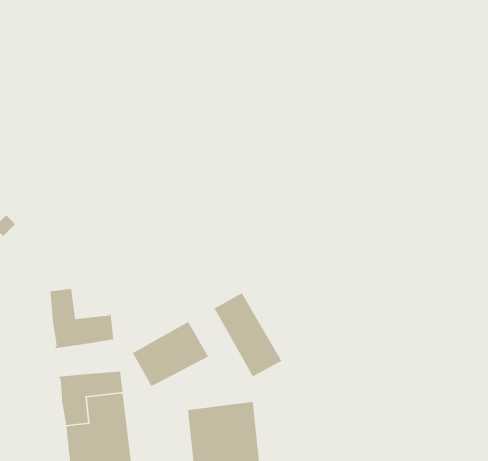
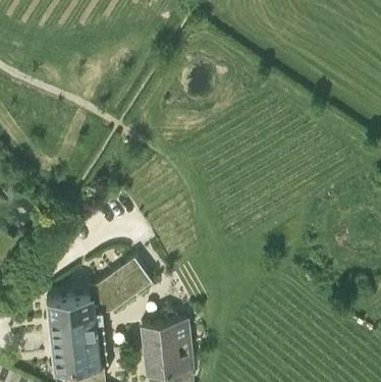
building: [49,288,114,349] -> none
building: [214,292,283,377] -> none

